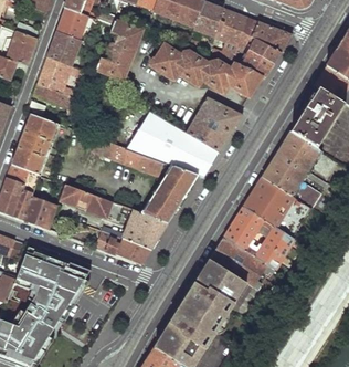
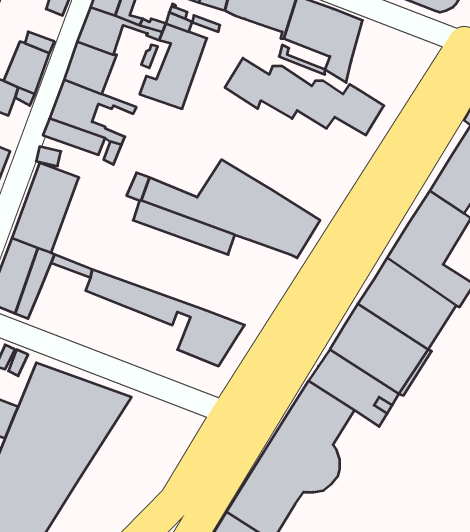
building: [243,17,293,76] -> none
building: [186,96,243,151] -> none
building: [141,165,199,222] -> none
building: [22,197,55,228] -> none
building: [95,230,150,264] -> none

